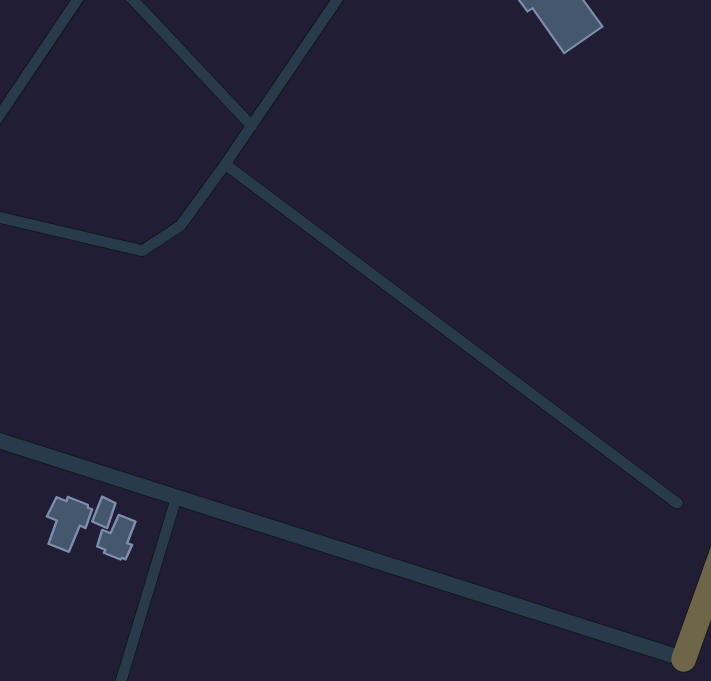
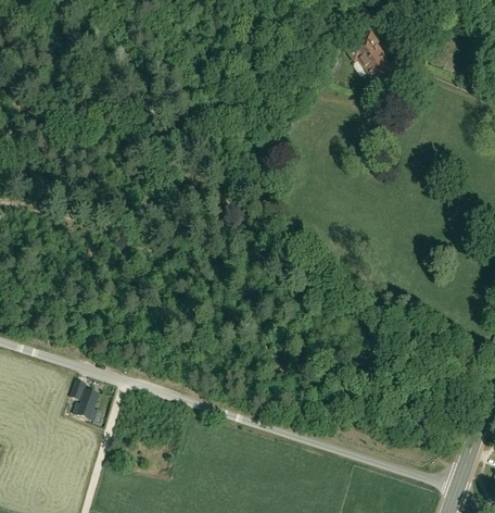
building: [47,497,92,552] -> none

